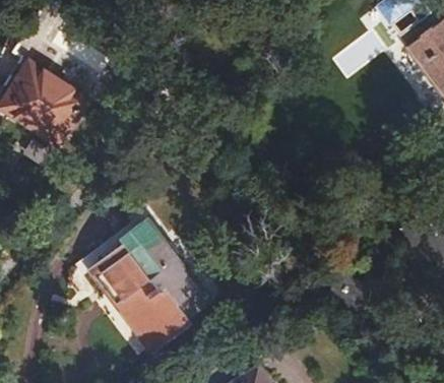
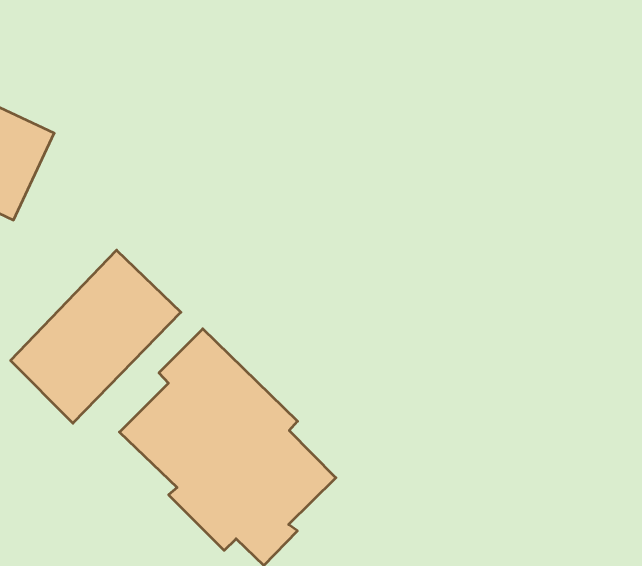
building: none -> [11,250,181,423]

